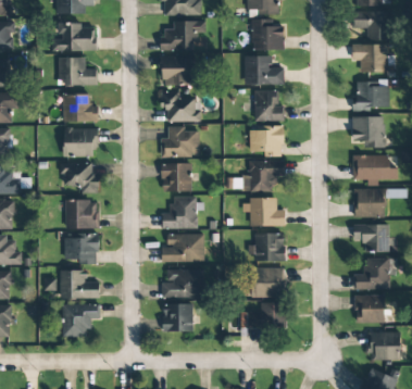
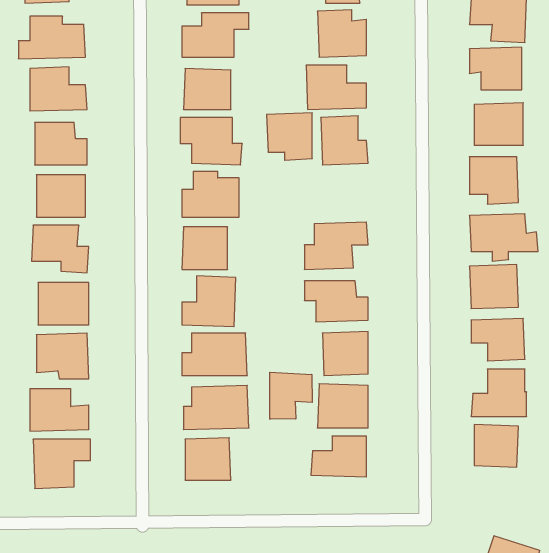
building: [252,125,283,156] -> [267,113,312,160]
building: none -> [270,372,312,419]
building: [369,331,400,361] -> none

